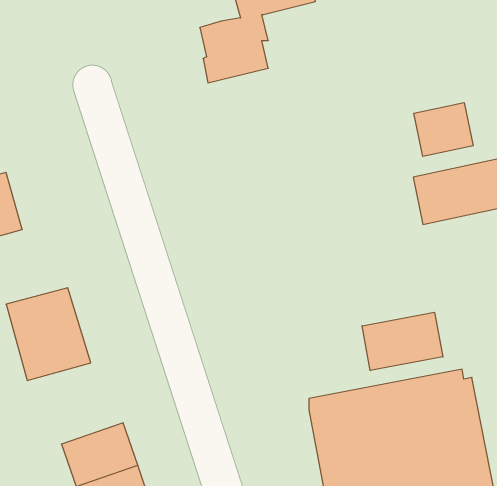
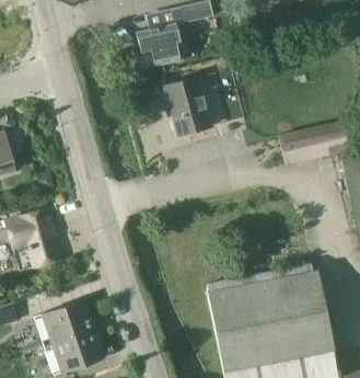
building: none -> [165,77,213,135]
building: [414,103,473,156] -> none
building: [362,312,443,371] -> none

